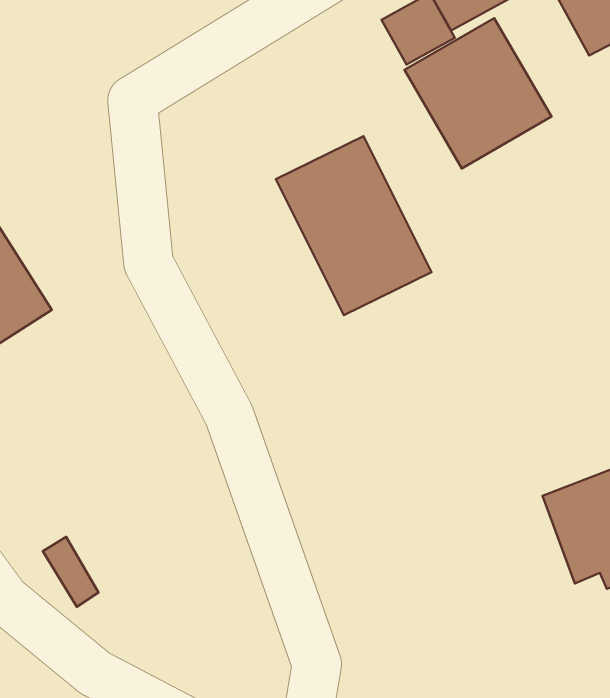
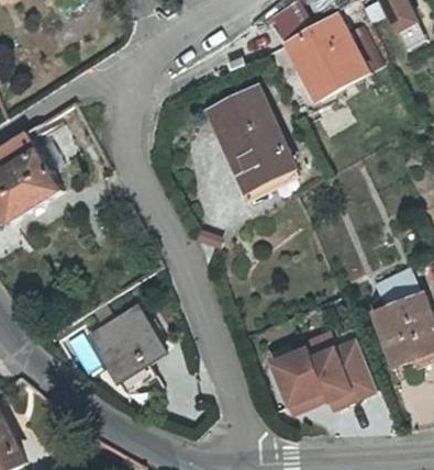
building: none -> [86,304,167,385]
building: none -> [268,329,376,417]

